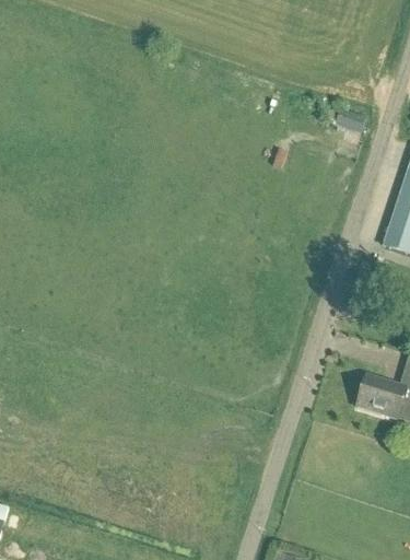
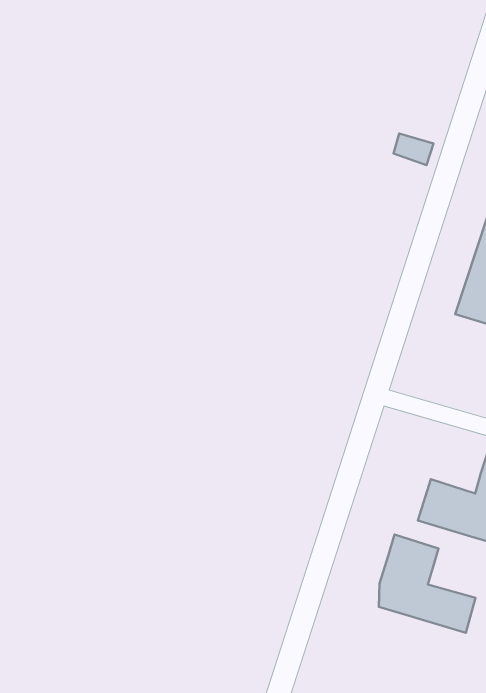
building: none -> [379,535,476,633]

